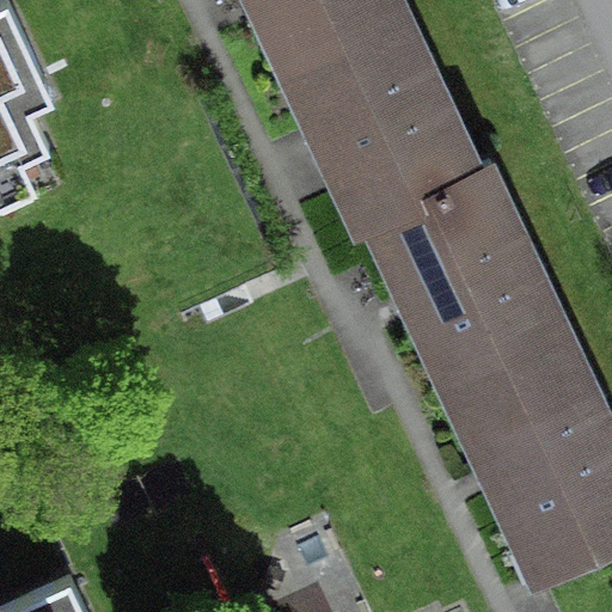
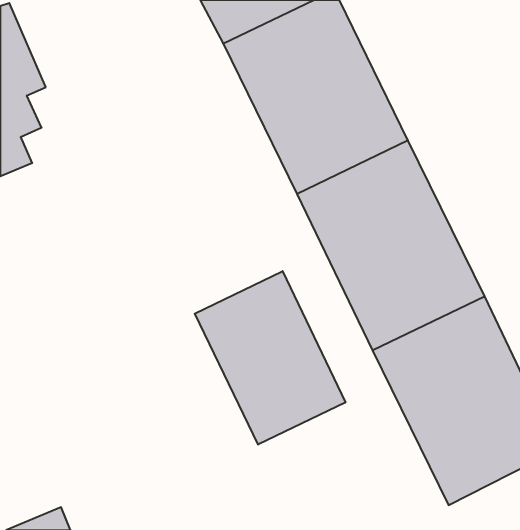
building: none -> [195,271,345,445]

